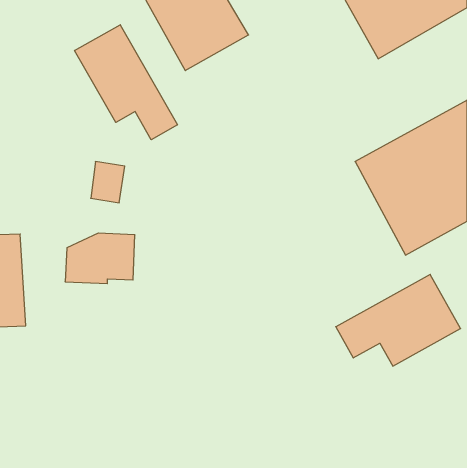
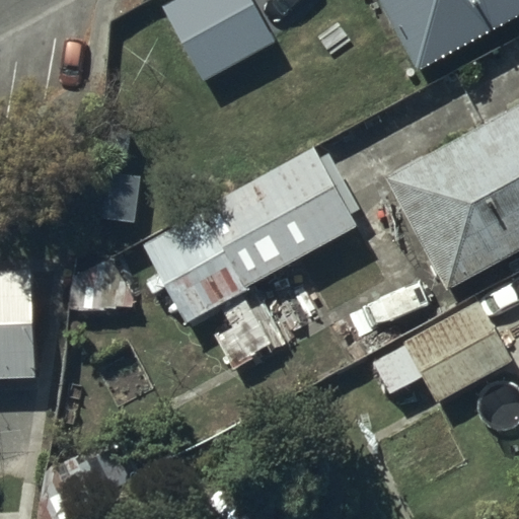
building: [75,25,177,140] -> none
building: none -> [145,149,359,370]

